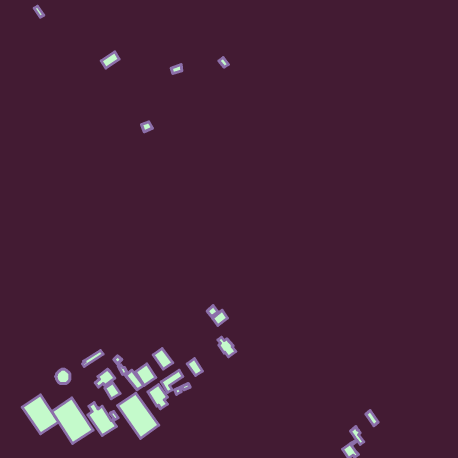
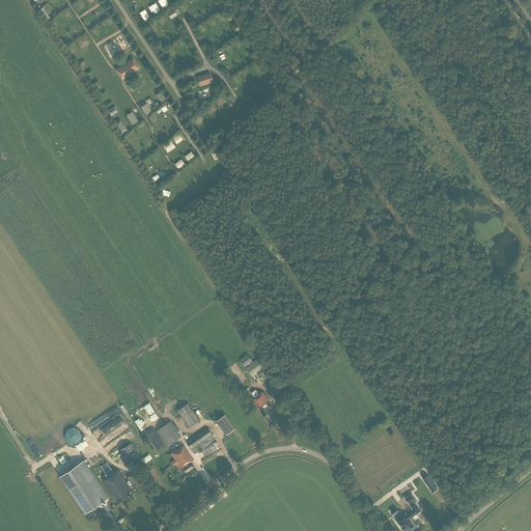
building: [117,393,159,438] -> none
building: [22,395,59,434] -> none

